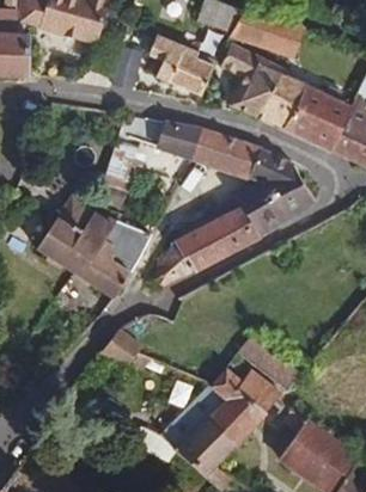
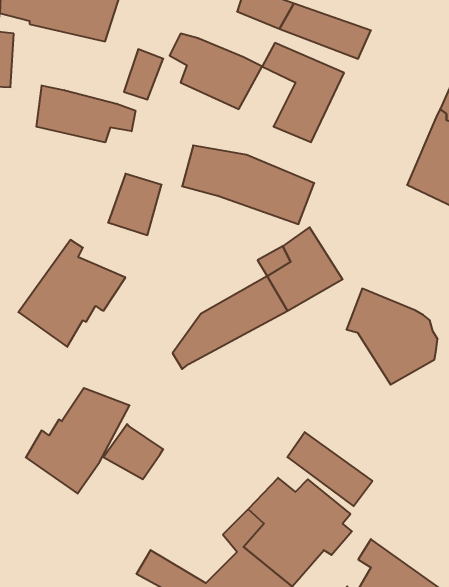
building: [255,63,350,148] -> none
building: none -> [36,85,135,142]
building: [245,147,315,220] -> [346,289,438,385]
building: [69,219,148,299] -> [26,388,130,494]

